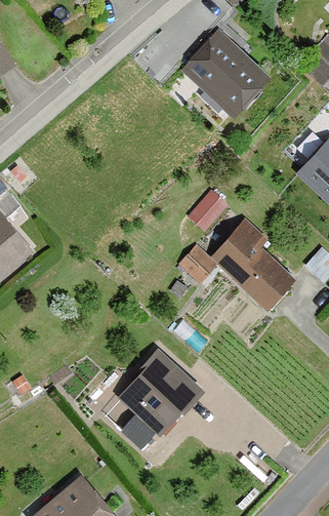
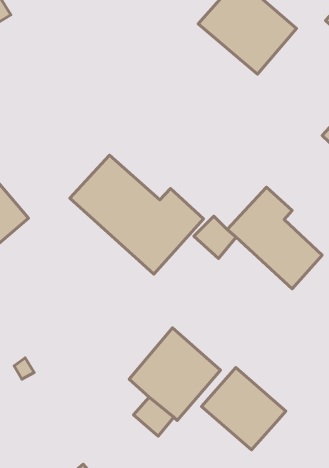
building: none -> [70,155,204,274]
building: [189,192,230,233] -> none
building: none -> [202,368,286,450]

